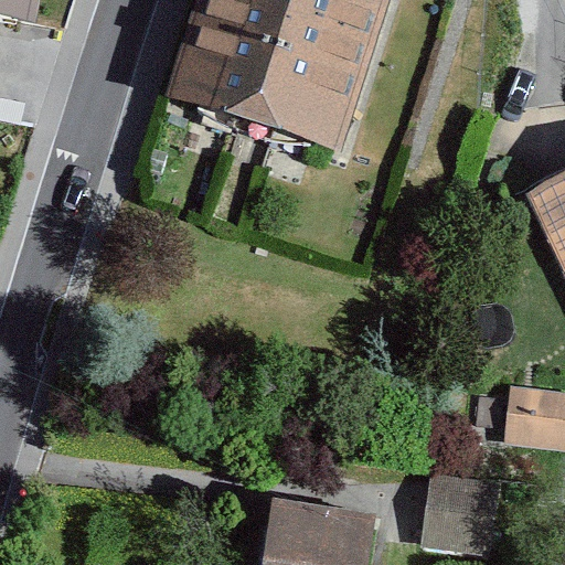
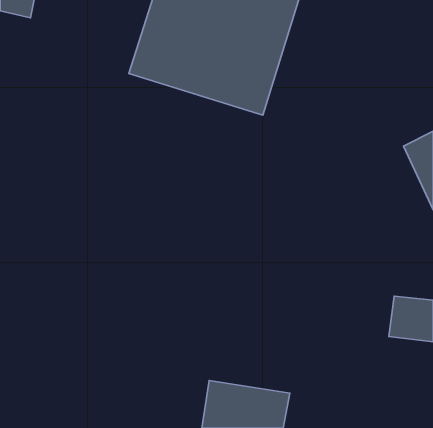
building: [422,475,501,554] -> none

